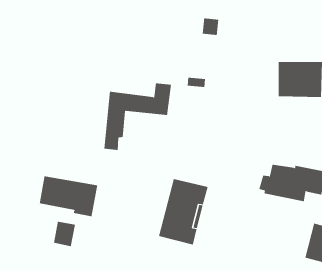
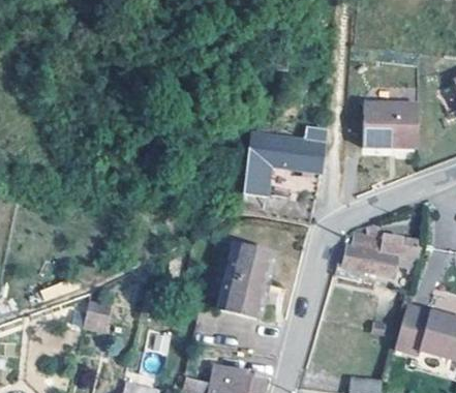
building: [103,83,172,150] -> [241,131,326,215]
building: [39,175,98,217] -> none

